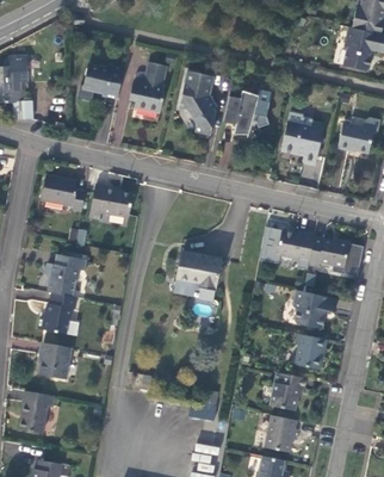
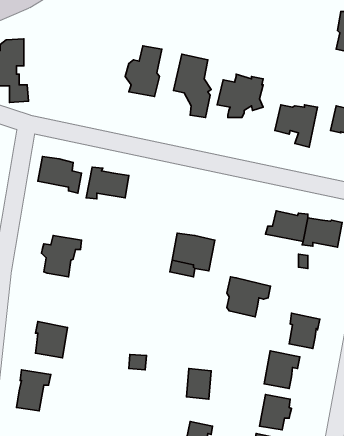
building: [83,64,124,99] -> none
building: [293,289,337,329] -> [227,277,271,317]
building: [38,292,76,333] -> none

